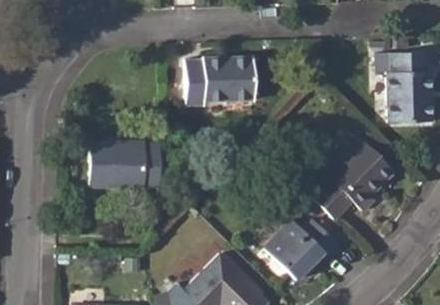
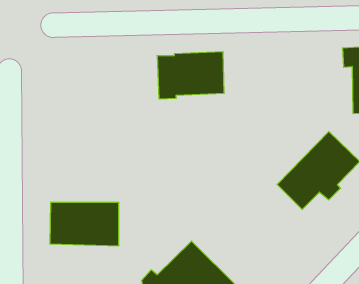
building: [89,141,161,186] -> [50,203,119,246]
building: [264,218,340,279] -> none

